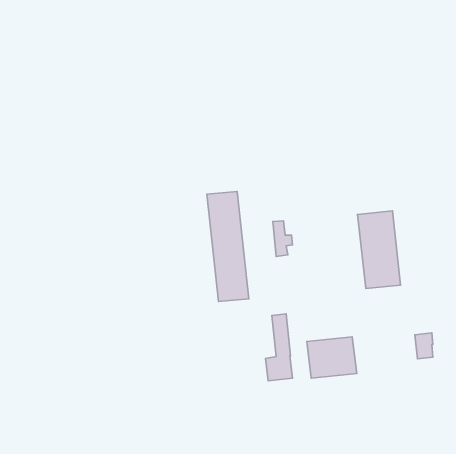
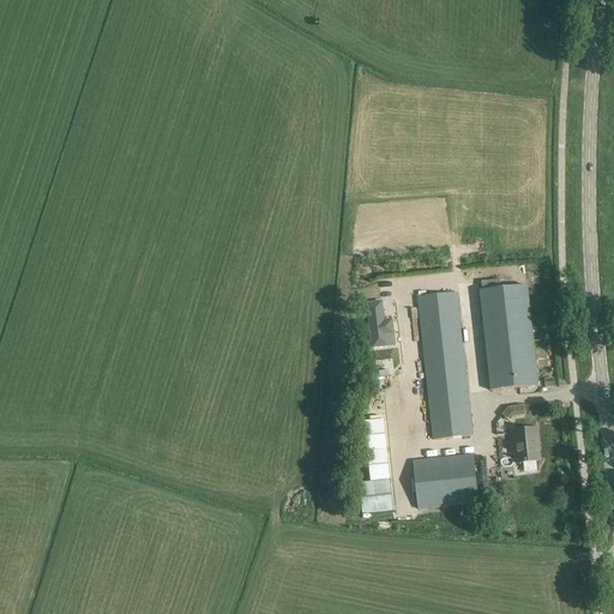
building: [207,191,249,301] -> [416,290,472,438]
building: [415,333,433,359] -> [513,426,537,460]

